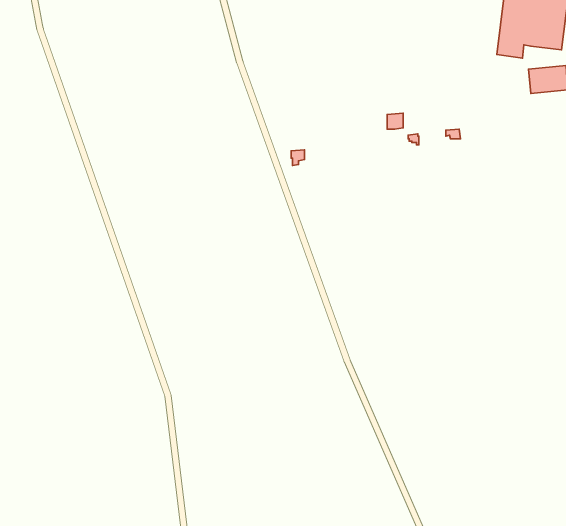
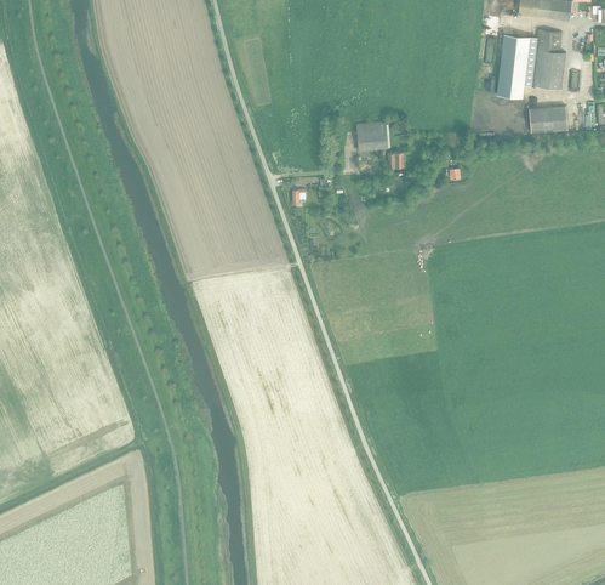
building: none -> [355,123,387,150]

